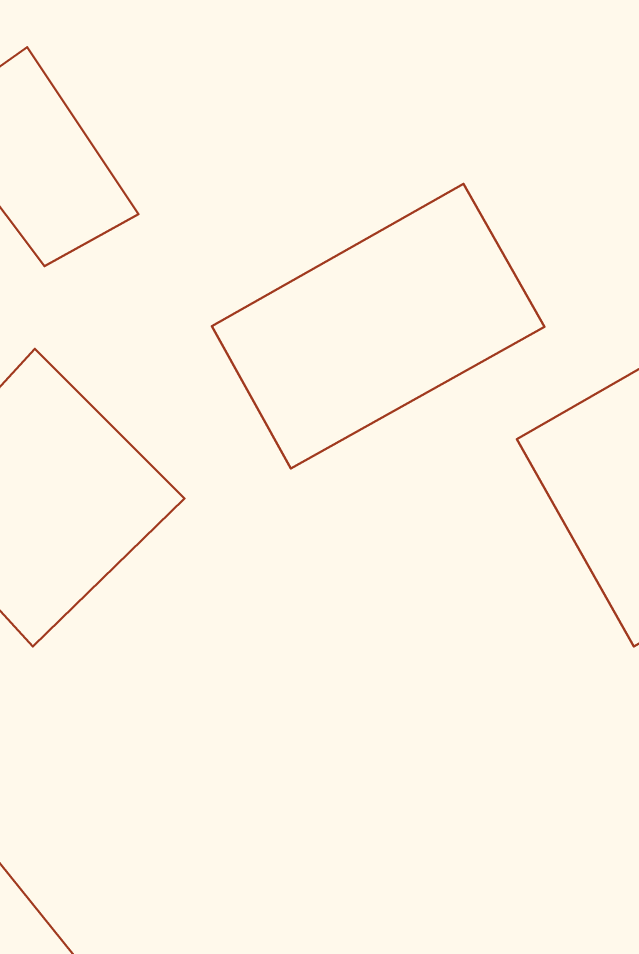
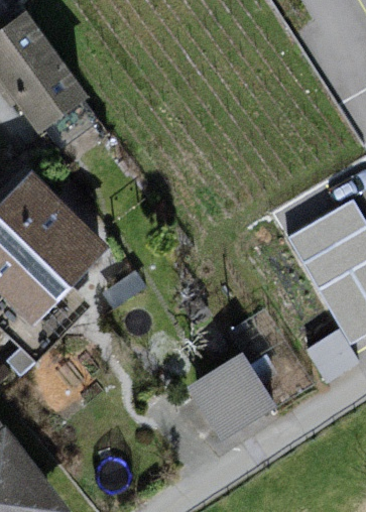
building: [212,184,544,468] -> none
building: none -> [187,344,276,431]

